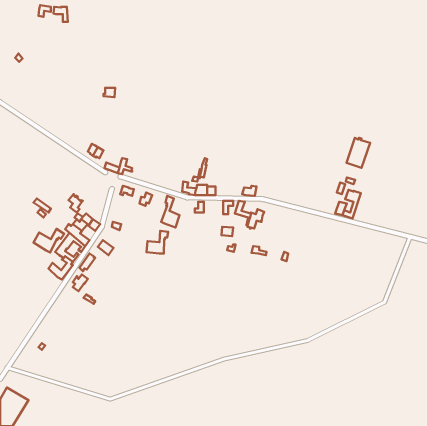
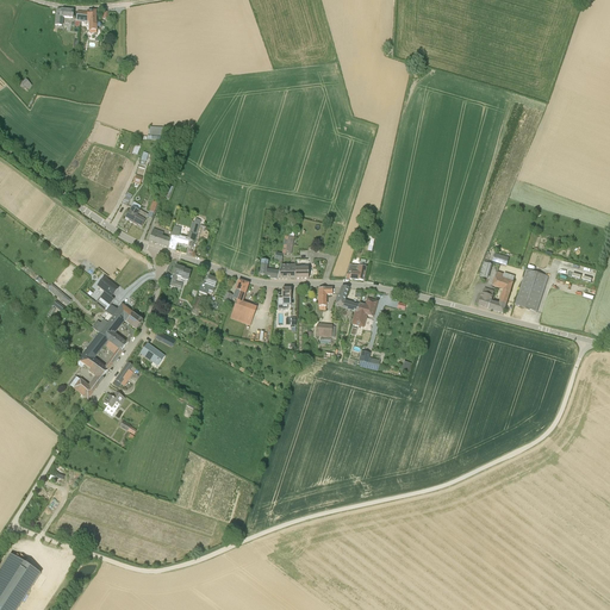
building: [347,138,370,168] -> [515,267,548,310]
building: [33,229,64,253] -> none
building: [147,231,168,254] -> none

